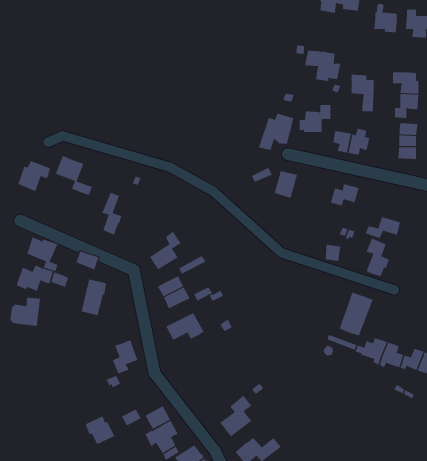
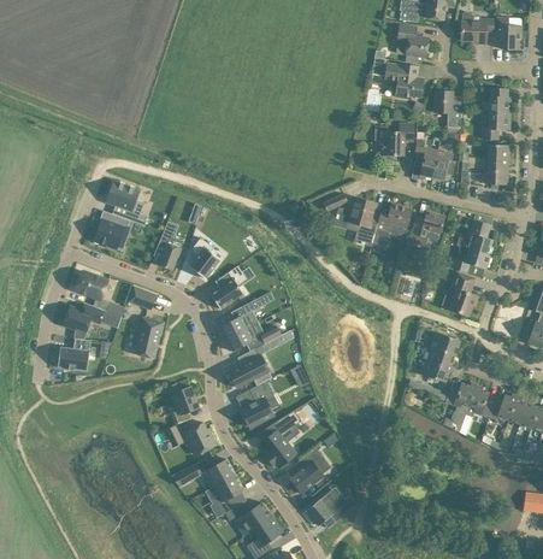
building: none -> [396,25,429,58]
building: [258,113,294,151] -> [371,204,411,246]
building: [17,160,51,192] -> [95,213,132,248]
building: none -> [467,219,492,254]
building: none -> [189,237,220,278]
building: none -> [241,381,273,428]
building: none -> [260,411,301,467]
building: [85,416,115,445] -> [183,422,217,454]

